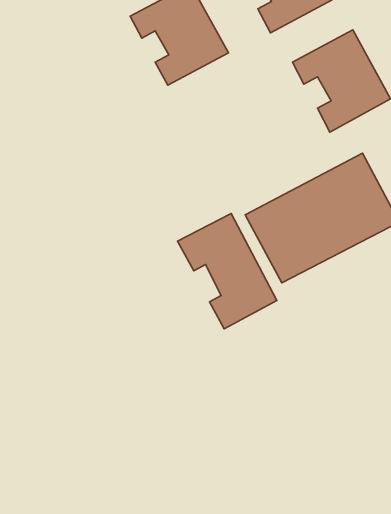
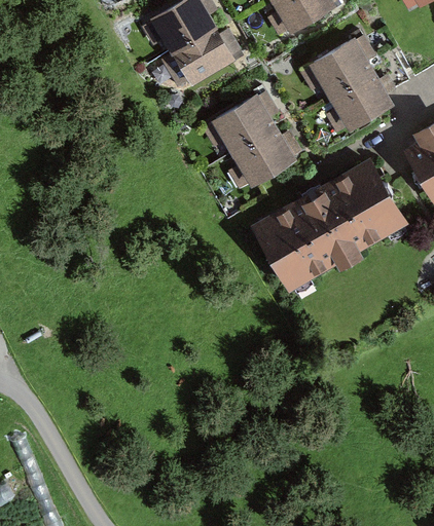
building: none -> [202,95,298,195]
building: [178,214,277,329] -> none

